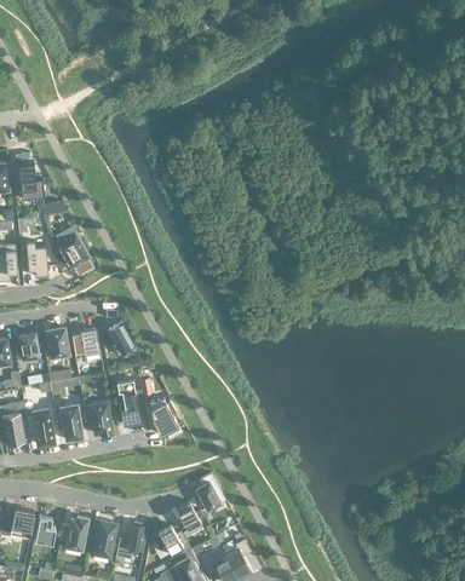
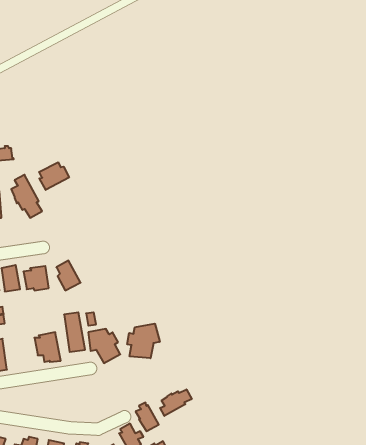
building: none -> [39,162,69,190]
building: none -> [127,324,160,358]
building: [59,404,82,441] -> none
building: none -> [160,389,192,416]

